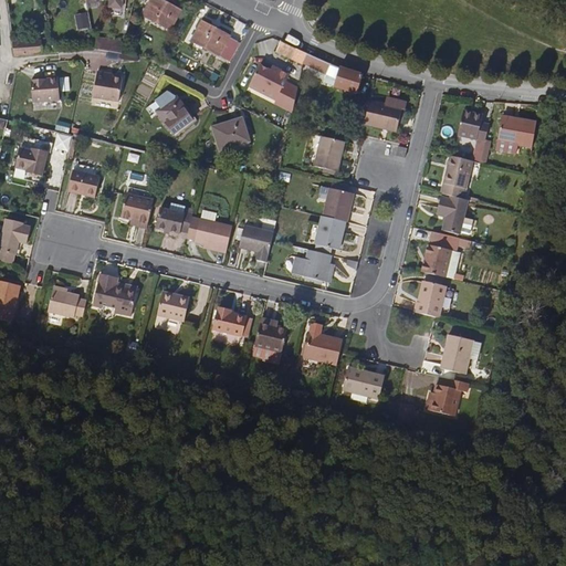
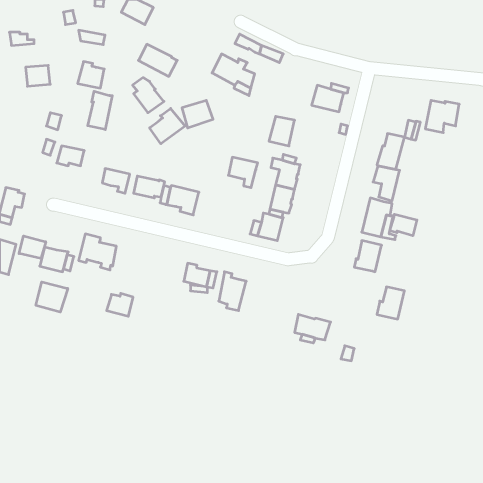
building: [191,21,237,59] -> [138,44,177,76]
building: [323,63,363,92] -> none
building: none -> [88,91,112,130]
building: [454,109,490,138] -> none
building: none -> [150,108,185,144]
building: [15,138,53,176] -> none
building: [239,226,273,261] -> [228,157,258,188]
building: none -> [390,214,417,236]
building: none -> [19,236,46,258]
building: [158,293,189,319] -> [107,293,133,316]
building: [304,324,343,365] -> none
building: none -> [36,282,68,312]
building: [427,378,469,416] -> none

